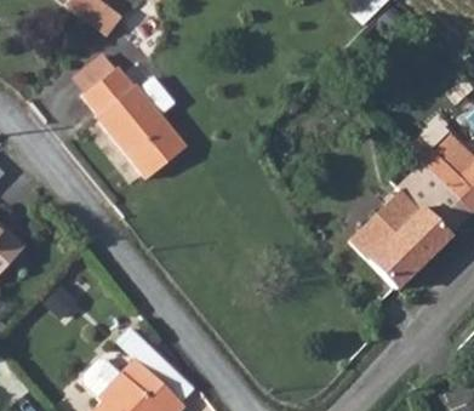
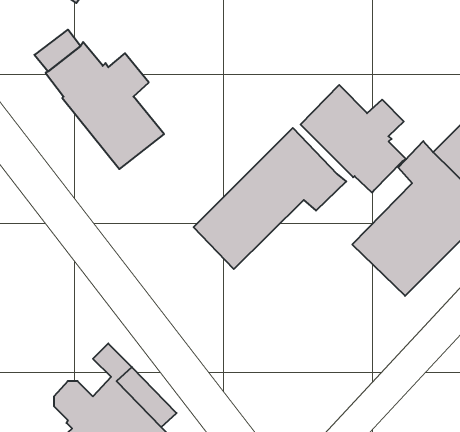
building: none -> [301,85,406,193]
building: none -> [194,128,346,269]

